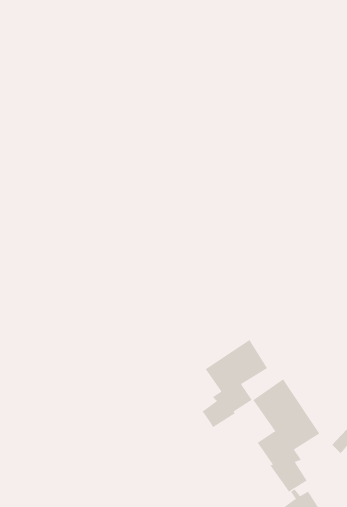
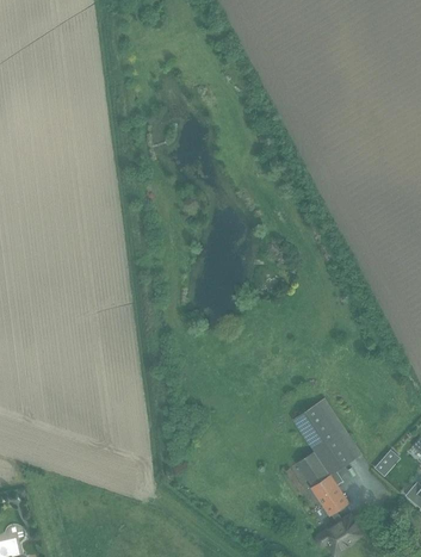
building: [202,339,268,428] -> none

